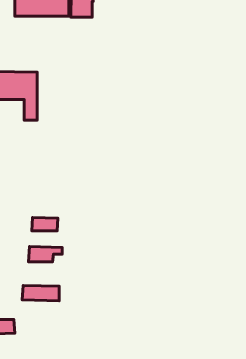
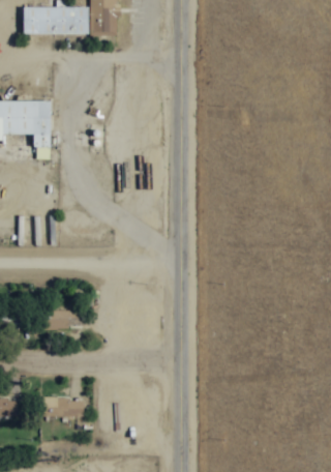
building: [32,217,58,231] -> none
building: [22,285,59,301] -> [39,397,84,416]

